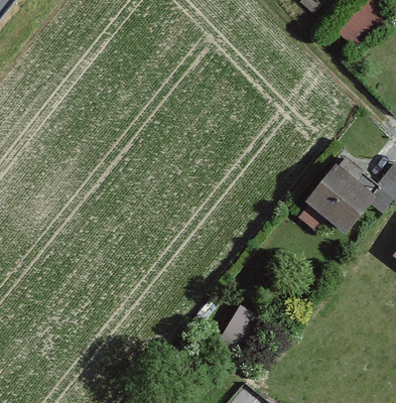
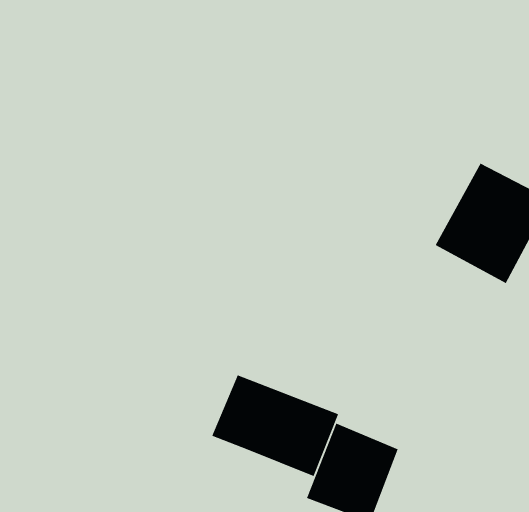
building: none -> [211,374,339,477]

